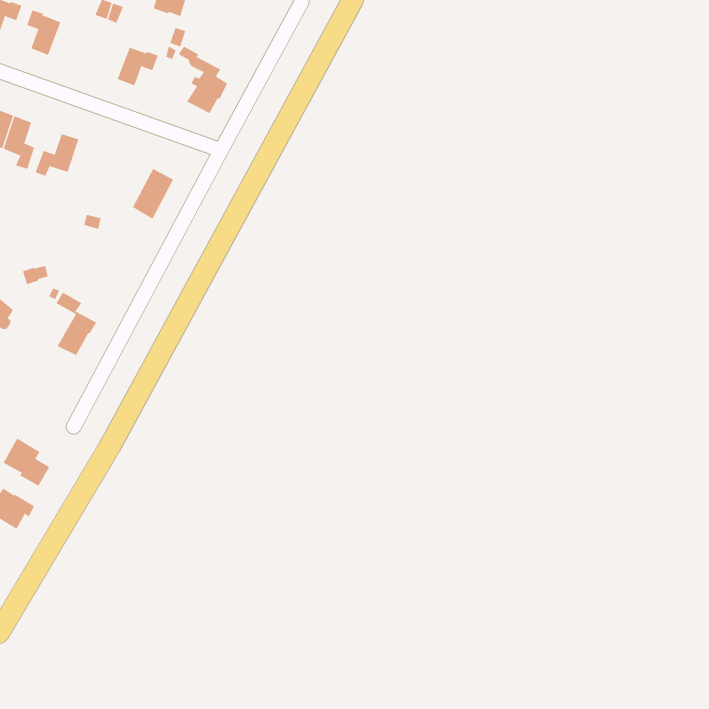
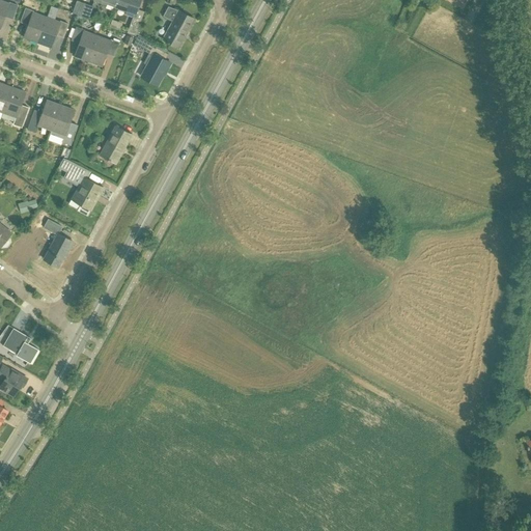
building: none -> [162,6,193,47]
building: none -> [36,17,67,46]
building: none -> [71,26,96,59]
building: none -> [49,104,76,144]
building: none -> [69,175,103,215]

